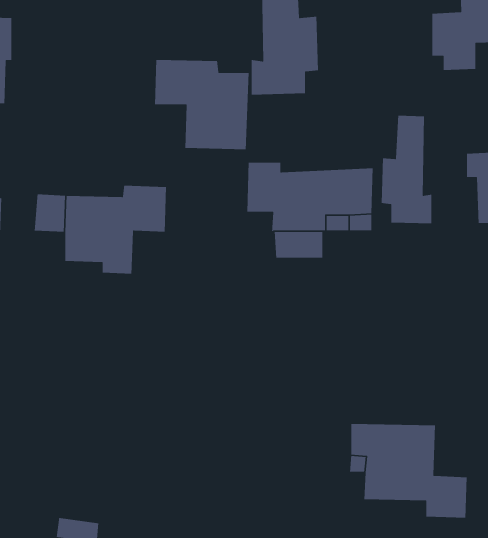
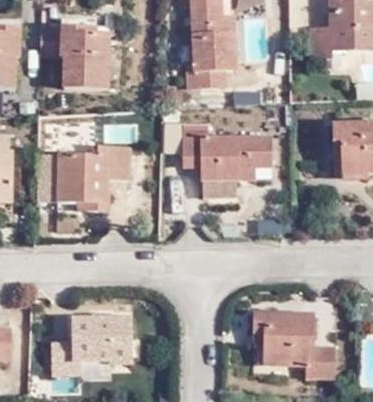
building: [154,59,249,150] -> [41,27,107,90]
building: [381,115,432,224] -> none
building: none -> [51,318,130,374]

